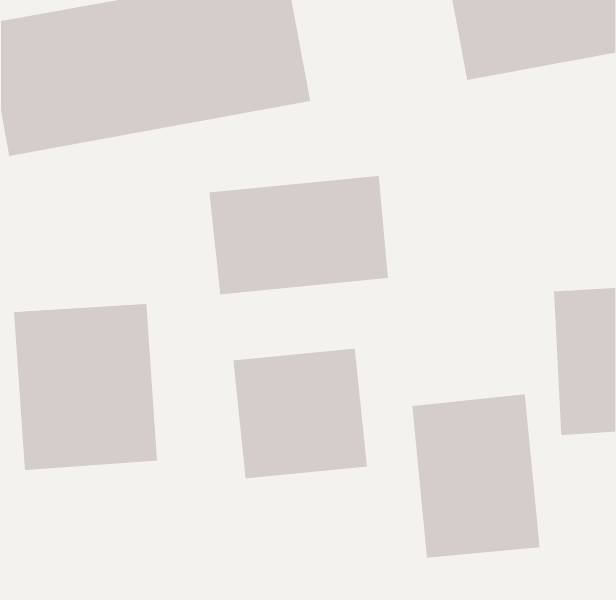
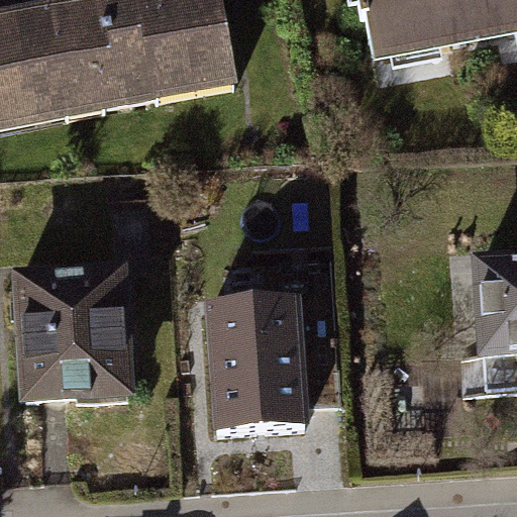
building: [209,175,389,295] -> none
building: [411,393,540,559] -> none

